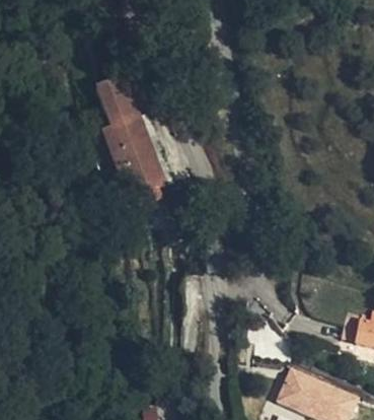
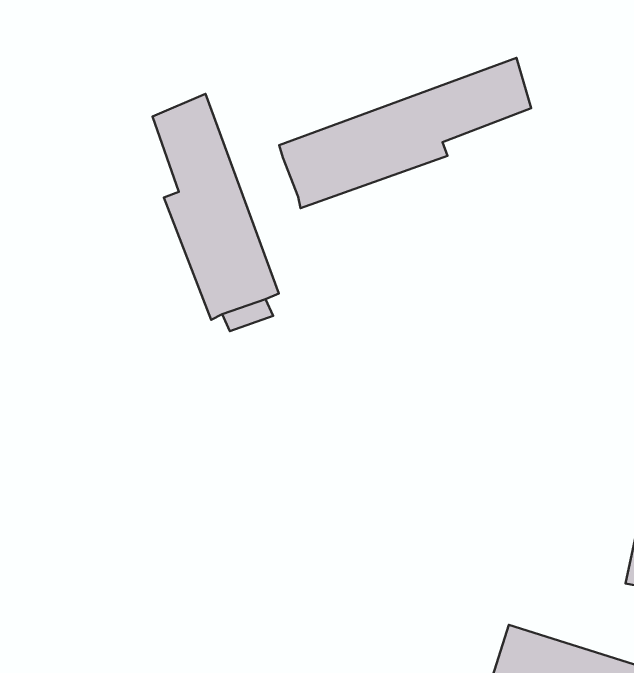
building: none -> [279,58,531,208]

